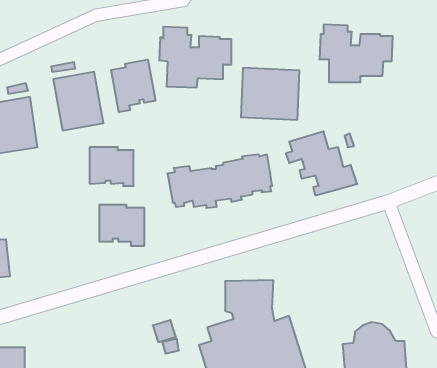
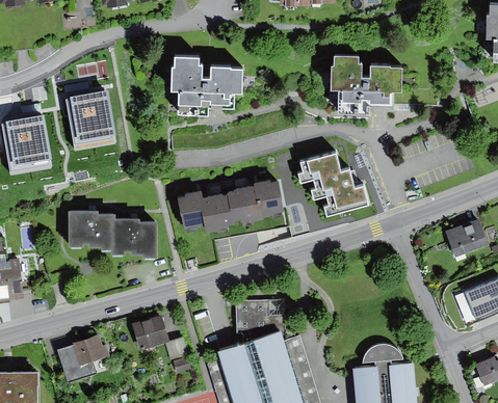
building: [111,60,155,112] -> none
building: [241,68,299,120] -> none
building: [90,147,134,186] -> [68,217,111,256]
building: none -> [131,314,169,350]
building: none -> [58,333,109,382]

